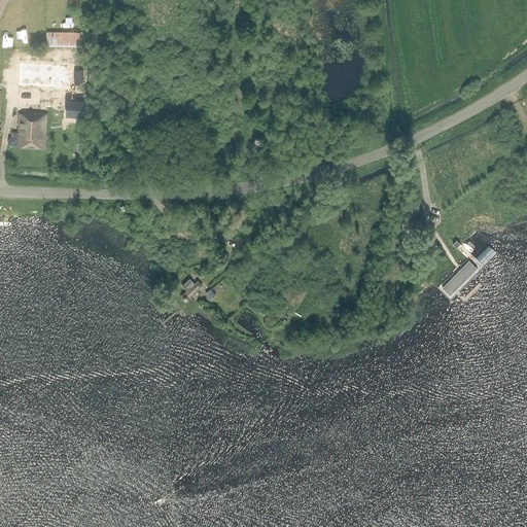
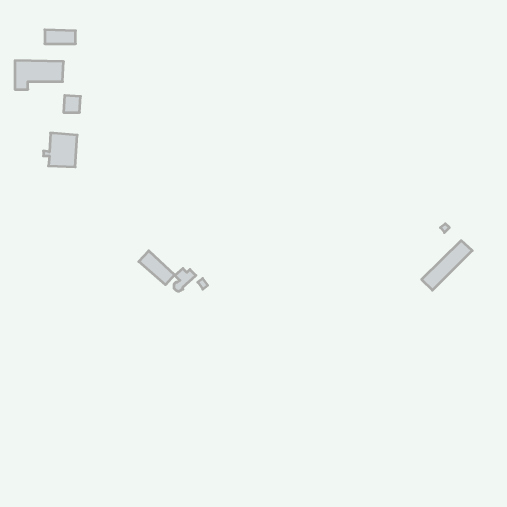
building: [11,112,46,147] -> [43,133,77,167]
building: none -> [139,251,175,285]

